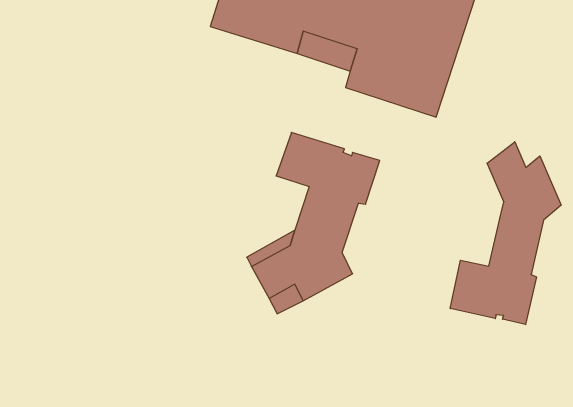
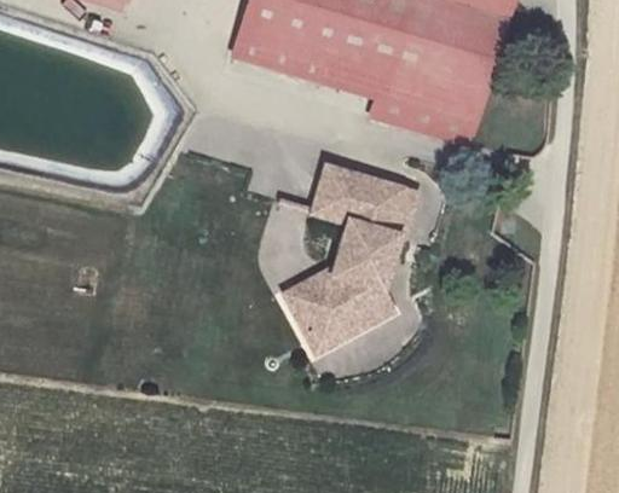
building: [450,142,561,325] -> none

